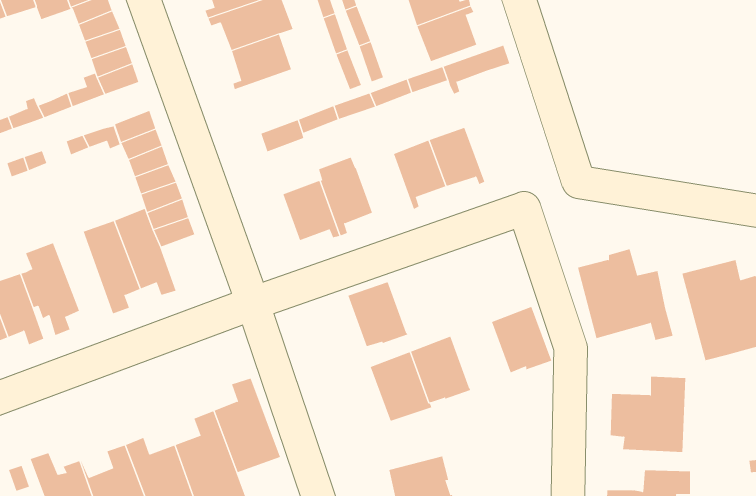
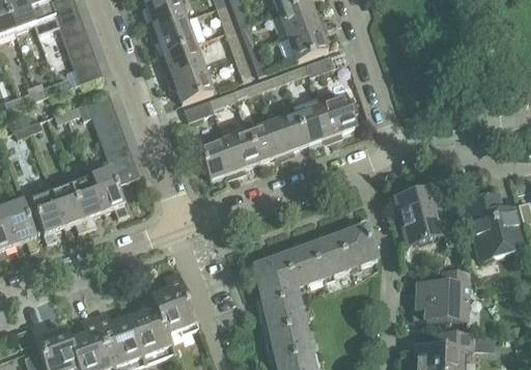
building: none -> [166,66,214,104]
building: none -> [316,90,356,141]
building: none -> [247,122,285,162]
building: none -> [46,174,85,232]
building: [348,282,408,347] -> [310,234,351,278]
building: none -> [261,291,305,333]

